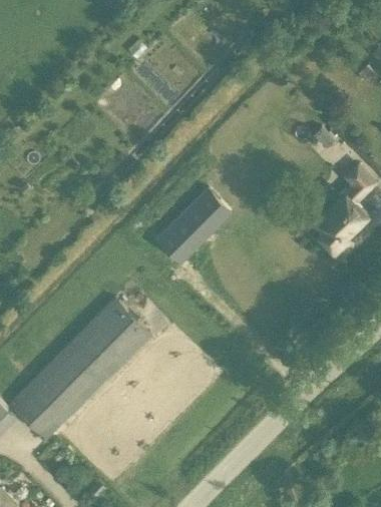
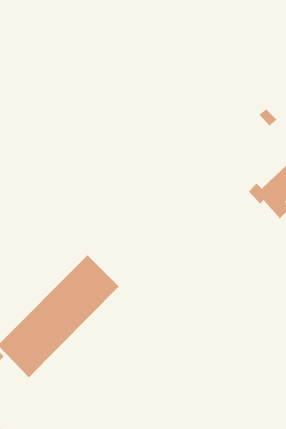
building: [155,188,234,266] -> none

